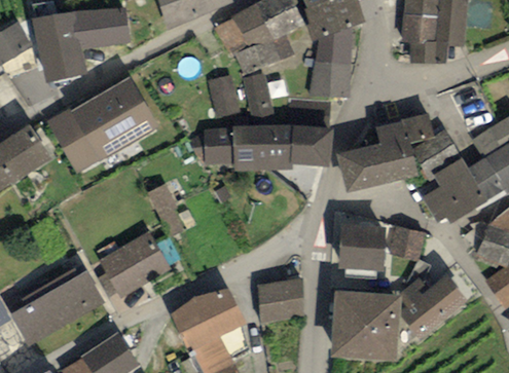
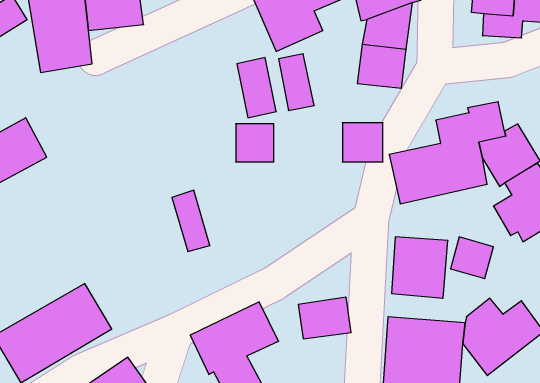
building: [44,79,159,177] -> none
building: [239,128,296,167] -> none
building: [99,232,170,297] -> none

